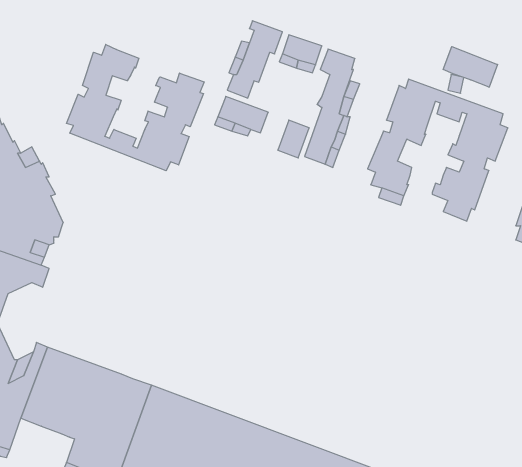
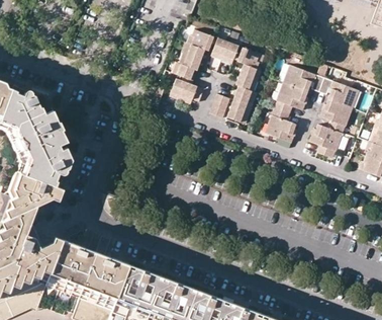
building: [66,44,204,171] -> none
building: [443,47,498,87] -> none

